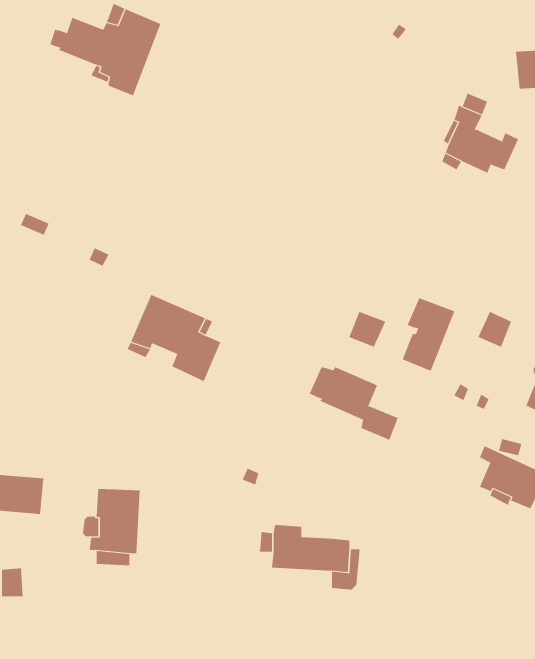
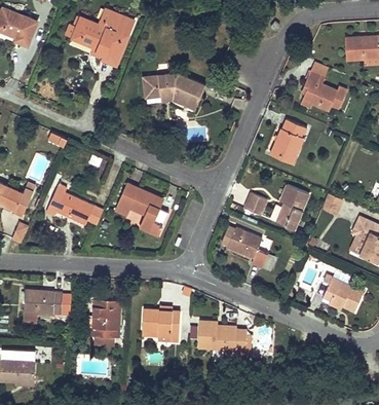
building: none -> [143,73,205,109]
building: none -> [269,119,306,163]
building: none -> [45,185,103,224]
building: none -> [142,309,180,341]

